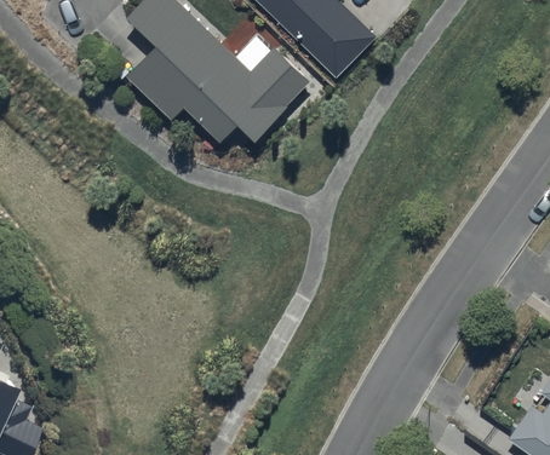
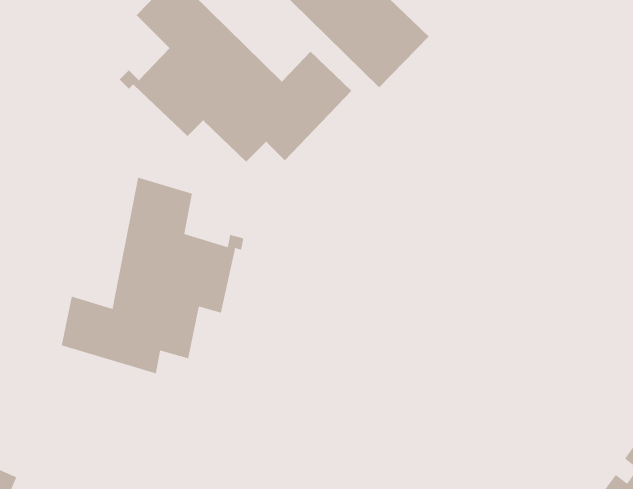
building: none -> [61,177,244,374]

